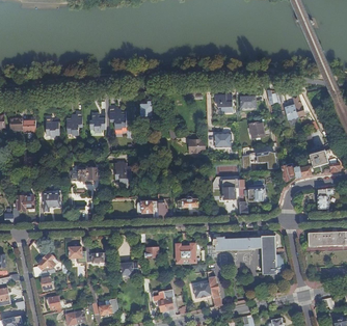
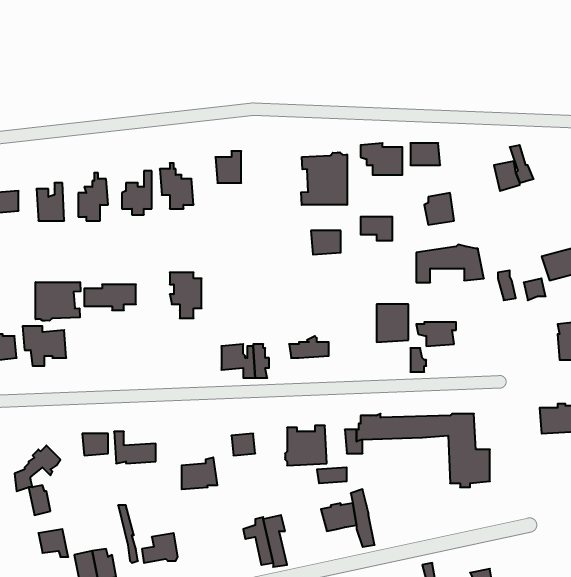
building: none -> [301,152,347,205]
building: none -> [36,282,81,321]

